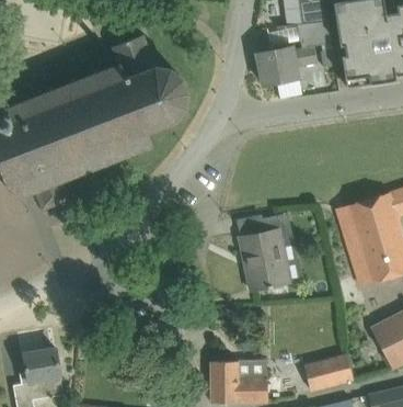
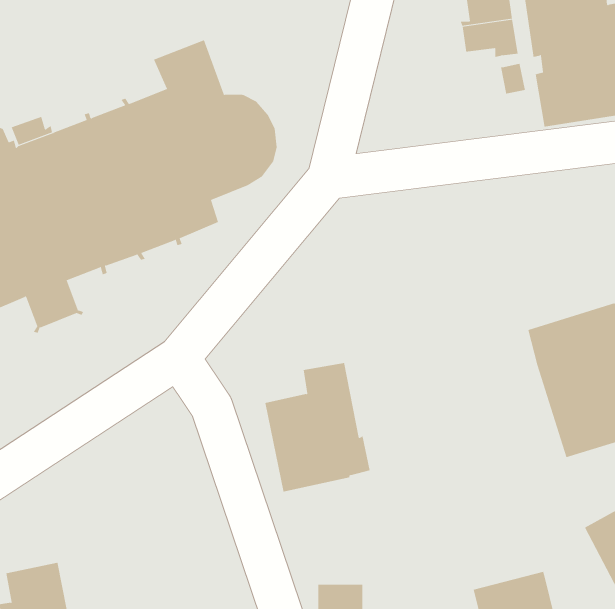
building: [256,46,315,84] -> none
building: [239,213,302,291] -> [265,363,370,492]

